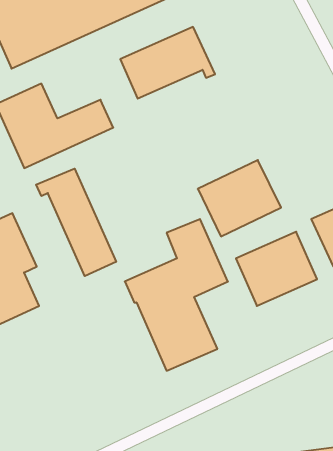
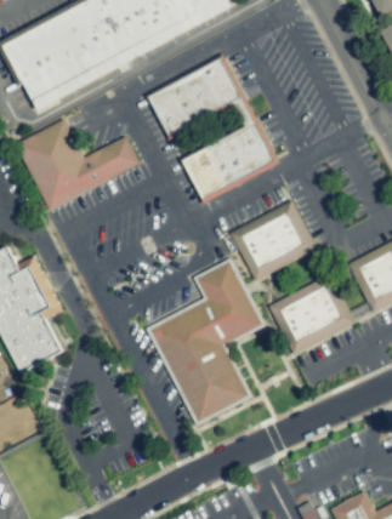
building: none -> [180,121,275,199]
building: [36,169,116,276] -> none

